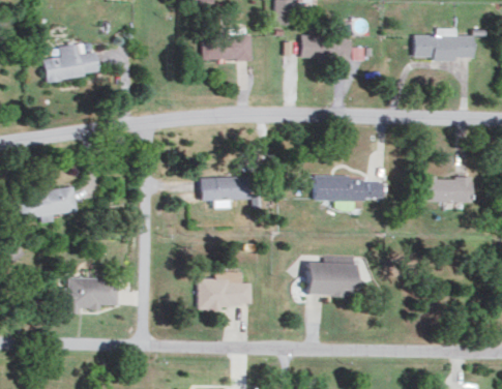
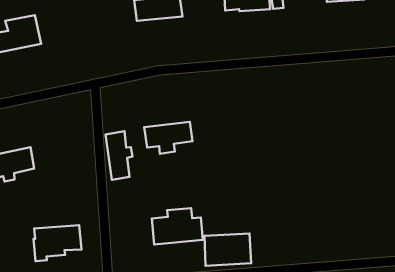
building: [315,175,384,208] -> none
building: [420,176,471,202] -> none
building: none -> [106,131,132,180]
building: [307,262,359,297] -> [204,233,251,266]

